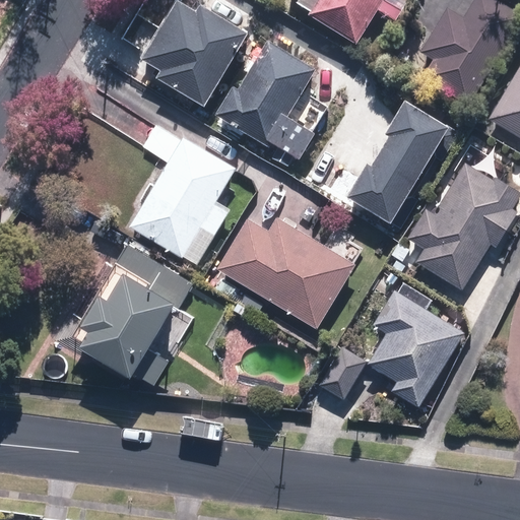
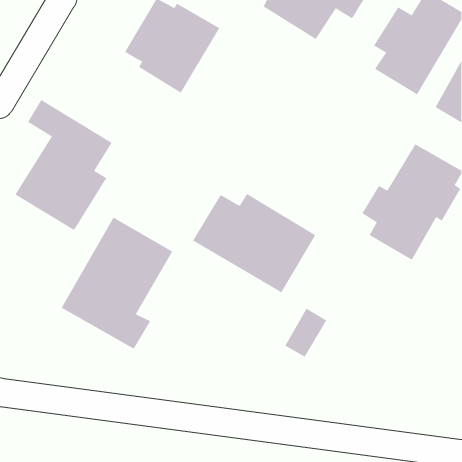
building: [213,40,315,165] -> none
building: [345,99,458,226] -> none
building: [127,121,237,268] -> [15,99,112,231]
building: [368,289,464,408] -> none

